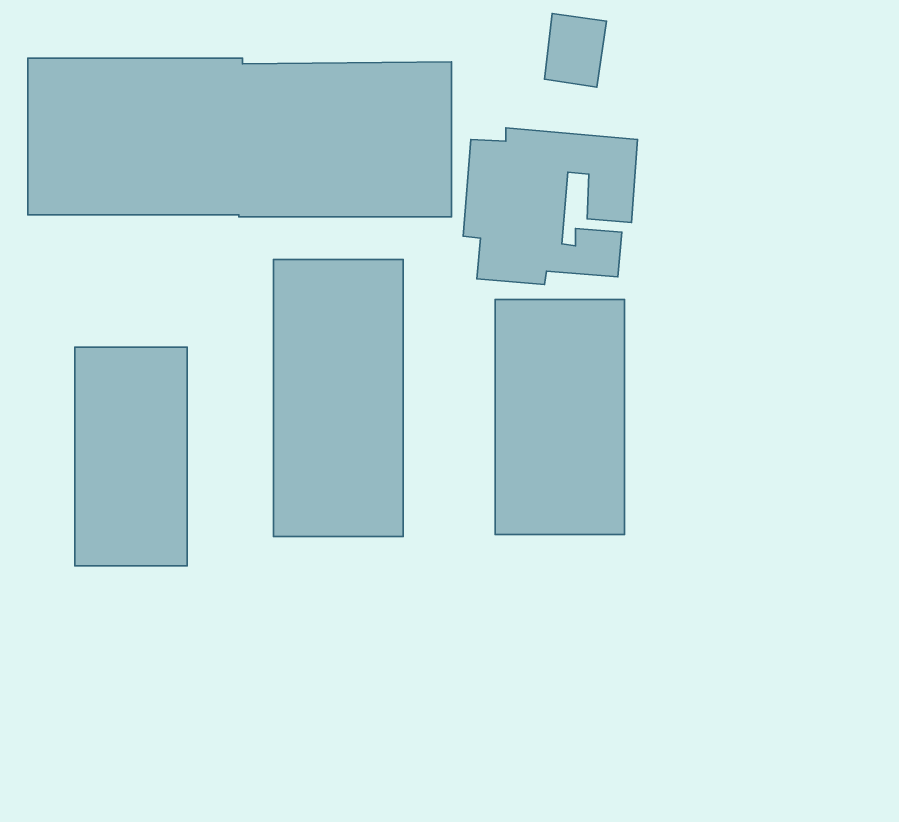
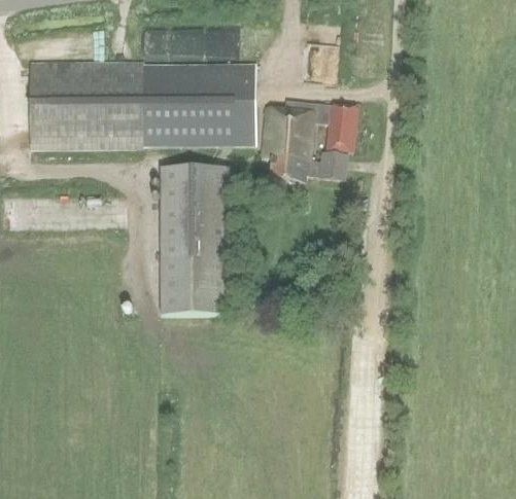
building: [495,299,624,534] -> none
building: [75,347,187,566] -> none

